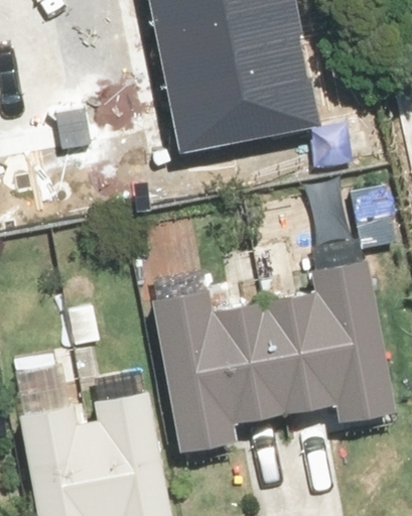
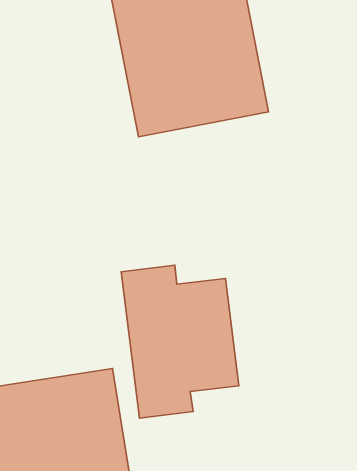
building: [270,267,395,428] -> none

